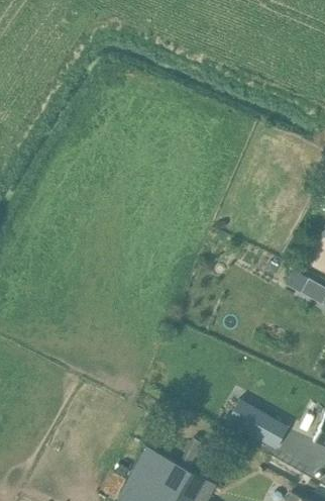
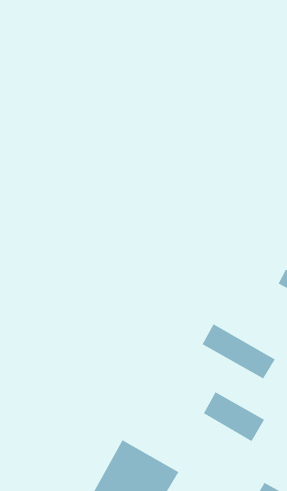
building: none -> [202,323,276,379]

